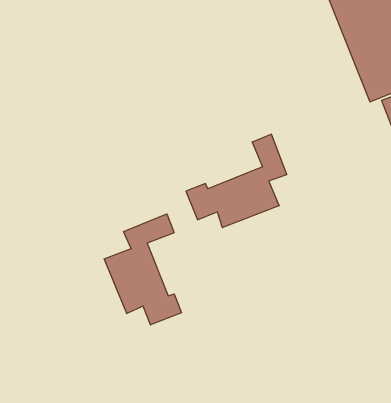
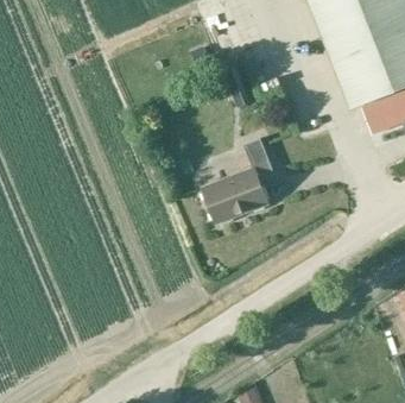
building: [104,214,182,325] -> none

